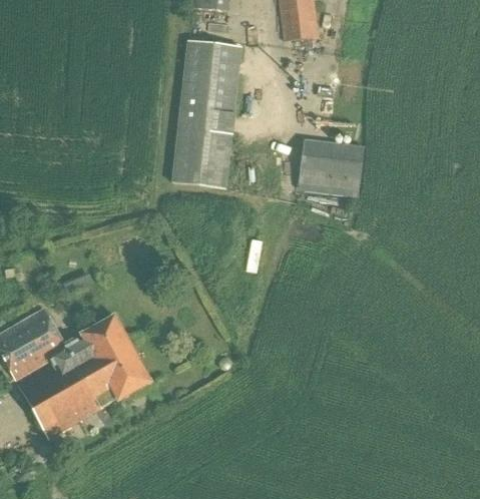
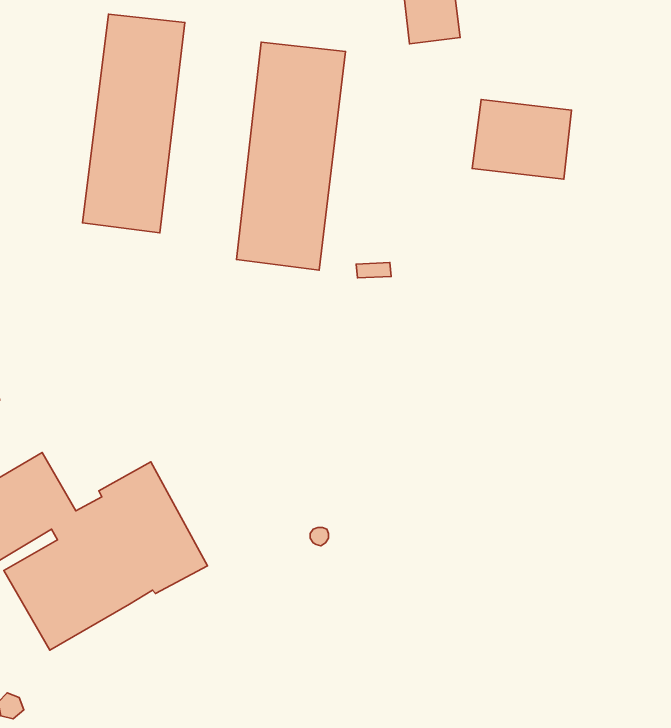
building: none -> [82,14,185,233]
building: [299,142,364,194] -> [472,100,572,179]

